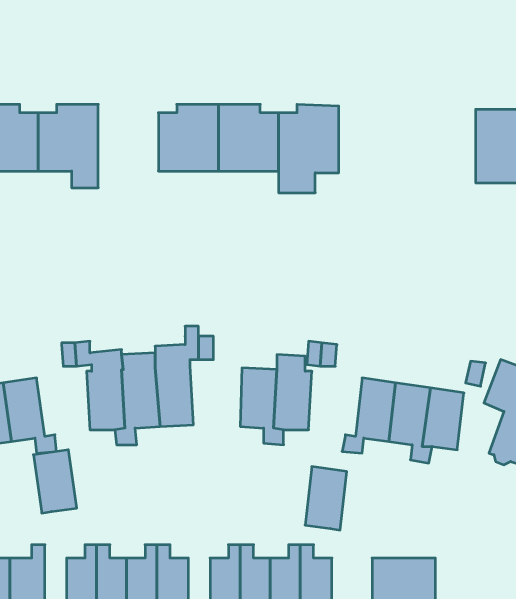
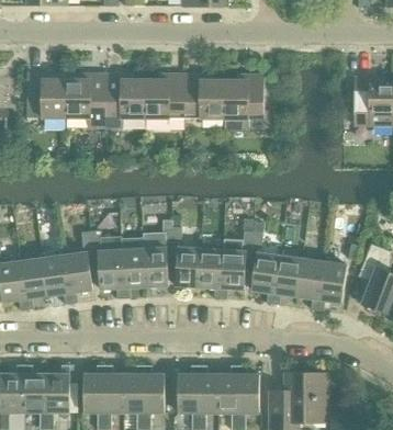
building: none -> [105,76,145,131]
building: none -> [176,248,200,287]
building: [33,450,77,513] -> [65,252,93,294]
building: [305,467,347,530] -> [251,252,279,294]

